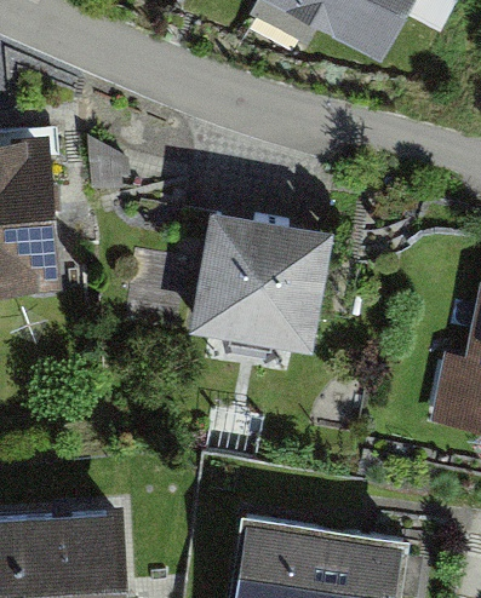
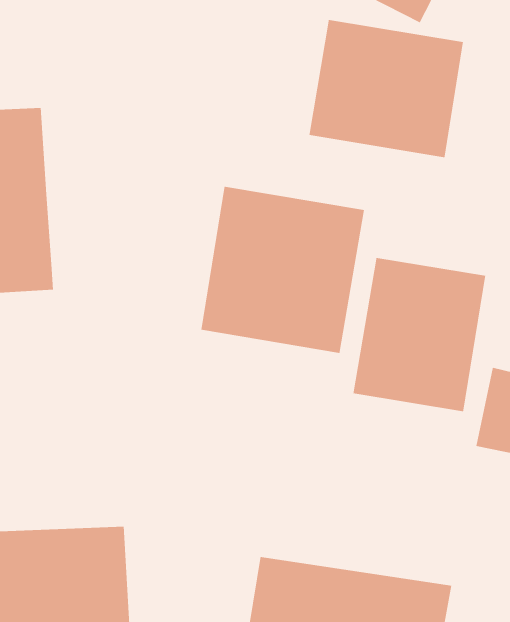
building: none -> [309,19,463,158]
building: none -> [353,257,486,412]

